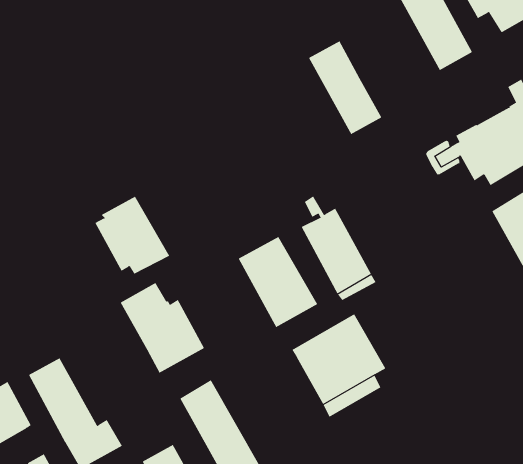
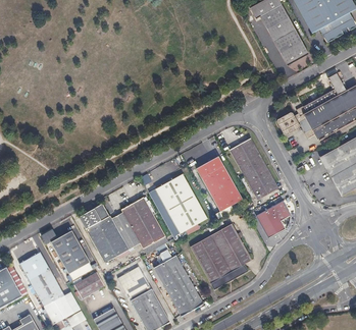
building: [308,40,382,135] -> [230,138,277,199]
building: [94,196,170,275] -> [116,197,165,248]
building: none -> [256,201,290,237]
building: none -> [51,230,89,274]
building: none -> [154,249,202,315]
building: none -> [74,274,105,301]

